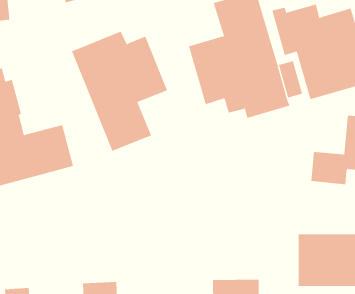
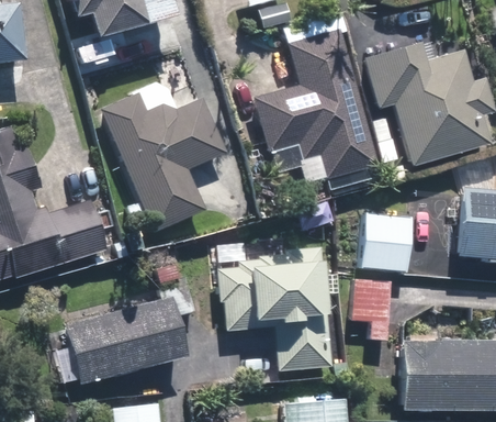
building: none -> [361,213,413,270]
building: none -> [216,248,335,373]
building: none -> [353,277,391,338]
building: none -> [52,297,185,389]

